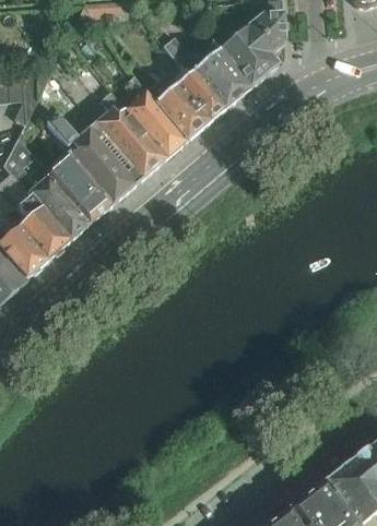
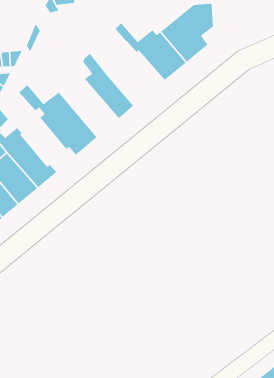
building: [145,62,224,140] -> none
building: [95,92,168,178] -> none
building: [49,154,116,220] -> none

